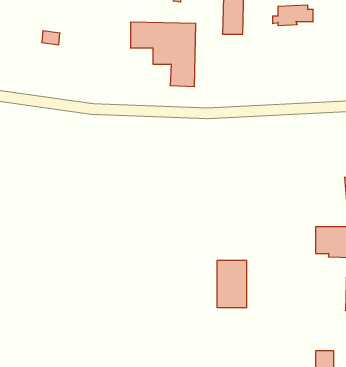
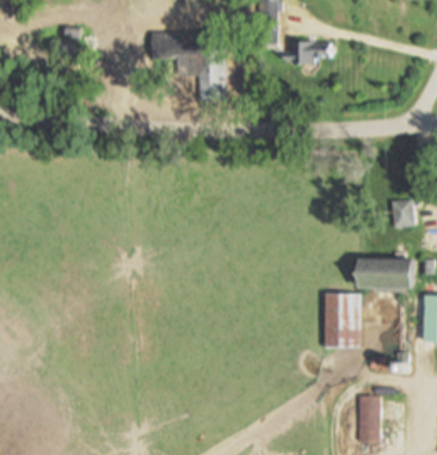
building: [273,5,313,26] -> [287,39,332,62]
building: [217,261,247,308] -> [326,294,359,346]

